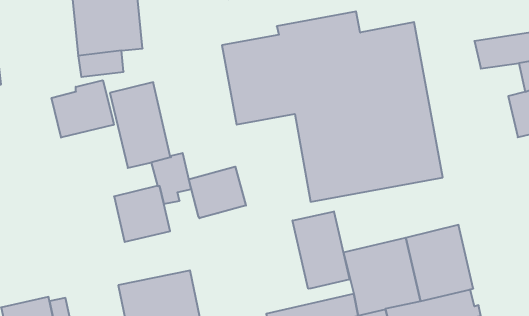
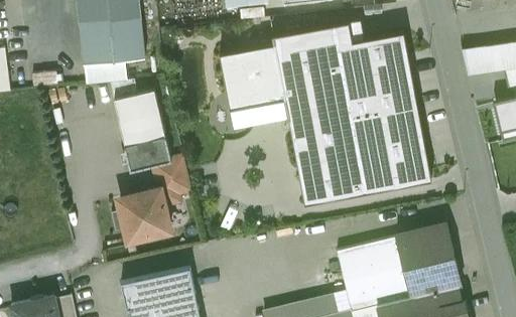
building: [52,80,114,138] -> none
building: [189,167,246,218] -> none
building: [293,211,350,289] -> none

